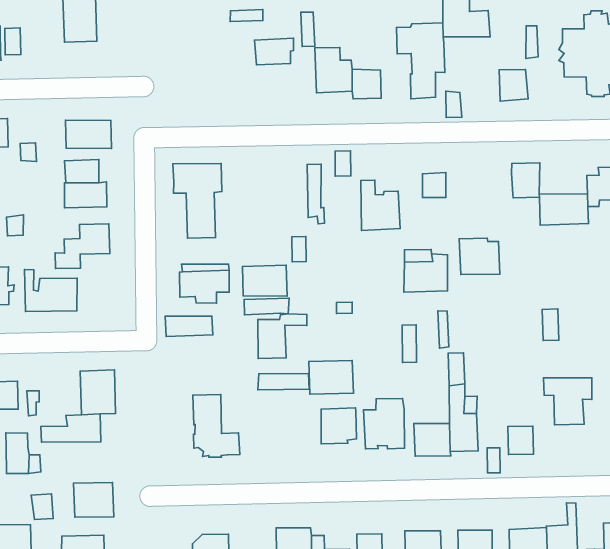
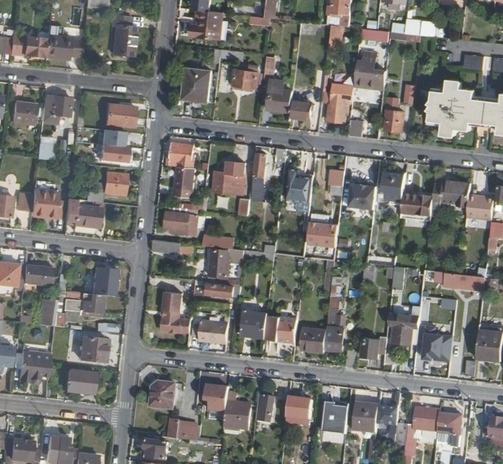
building: none -> [184,68,212,100]
building: [459,238,500,275] -> [349,183,376,209]
building: [242,265,287,296] -> [214,171,244,194]
building: [309,360,354,394] -> [198,320,228,344]

